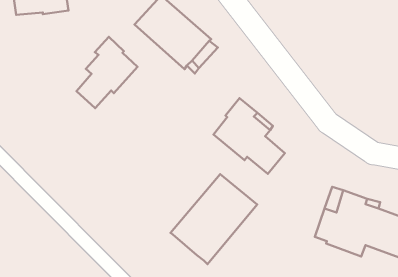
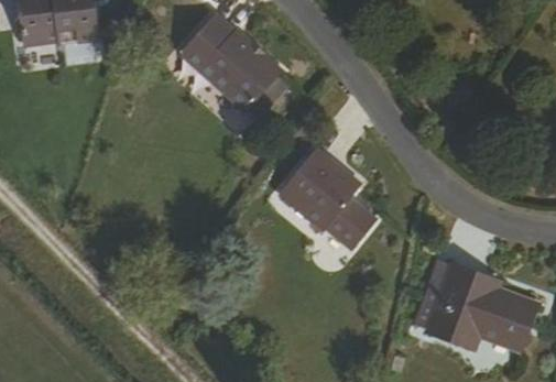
building: [77,37,138,108] -> none
building: [170,174,257,264] -> none

